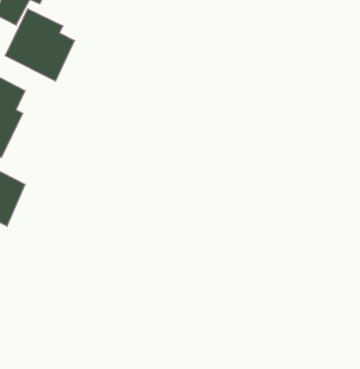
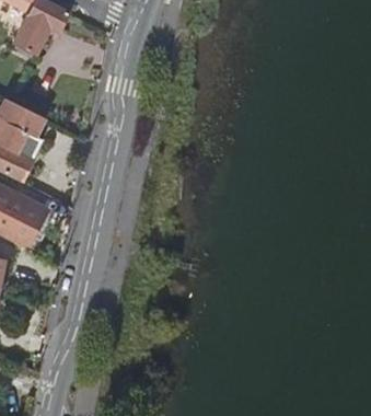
building: [5,9,75,81] -> none

